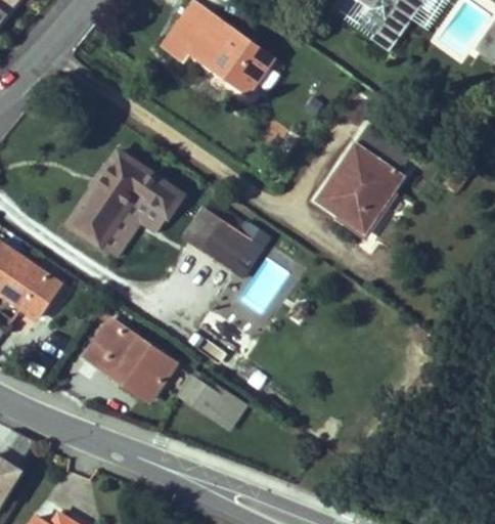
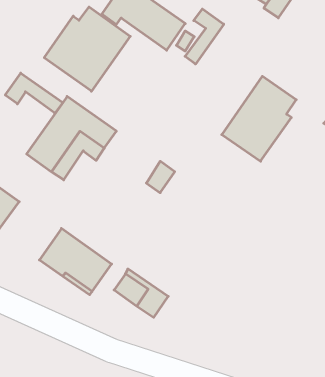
building: none -> [44,7,130,91]
building: none -> [185,9,224,64]
building: none -> [5,73,63,113]
building: [187,211,238,261] -> none

